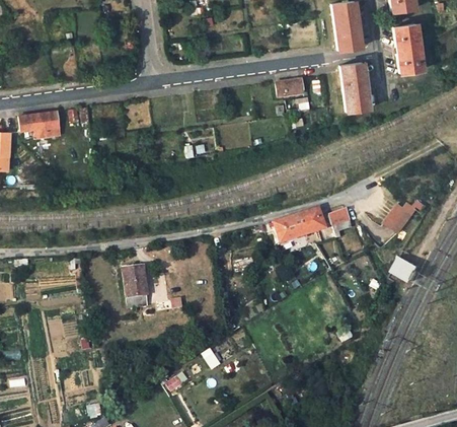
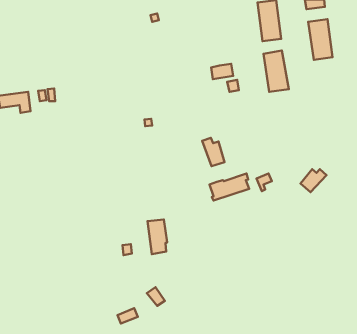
building: none -> [202,138,225,166]
building: [390,254,418,281] -> none
building: [125,267,148,308] -> [148,220,167,254]

